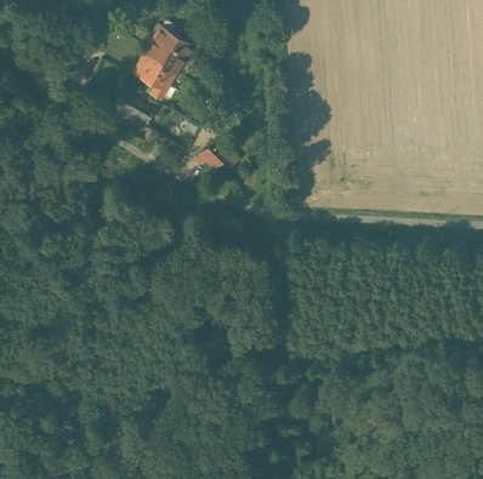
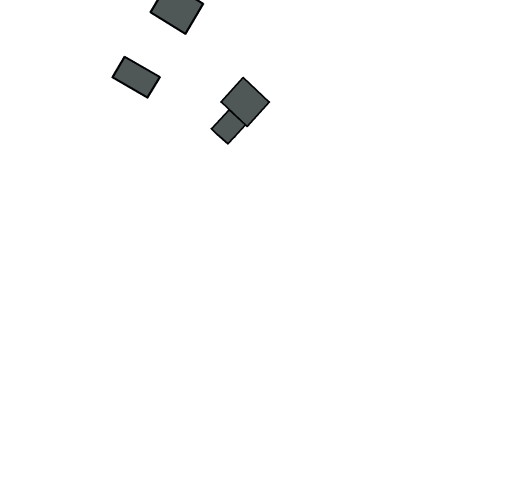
building: [132,53,176,101] -> none
building: none -> [221,78,269,126]

